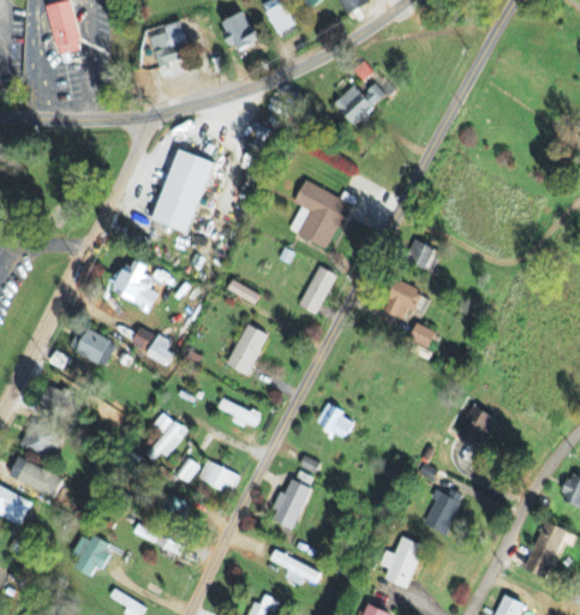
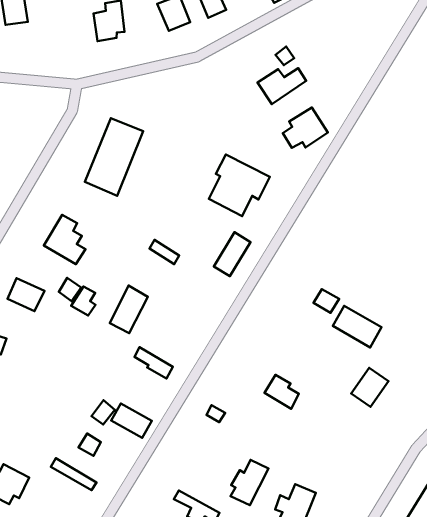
building: none -> [283,108,328,148]
building: [405,239,438,271] -> none
building: [384,280,420,317] -> none
building: [227,323,267,375] -> [110,286,148,333]
building: none -> [333,306,382,347]
building: [316,402,353,438] -> [265,375,299,409]
building: [147,412,186,464] -> none
building: [271,479,311,529] -> [231,460,269,505]
building: [423,489,462,535] -> none

